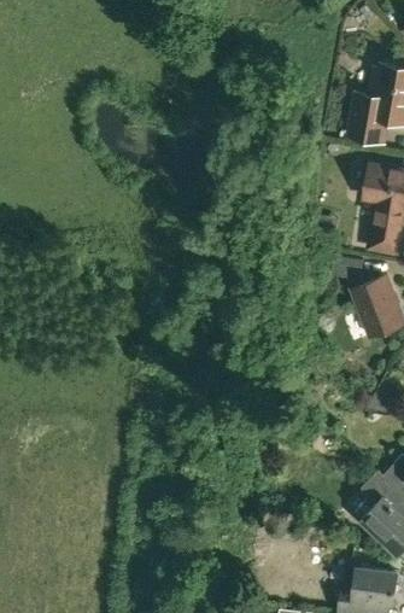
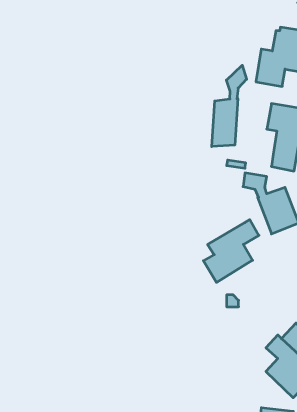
building: none -> [212,65,247,147]
building: none -> [203,220,259,282]

